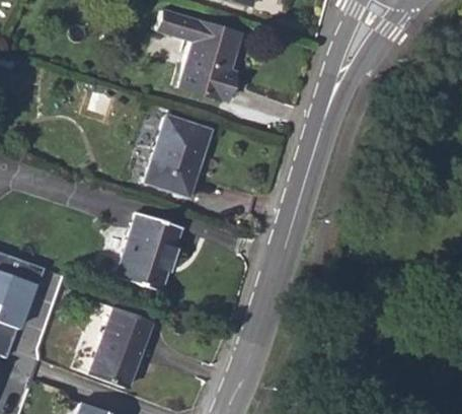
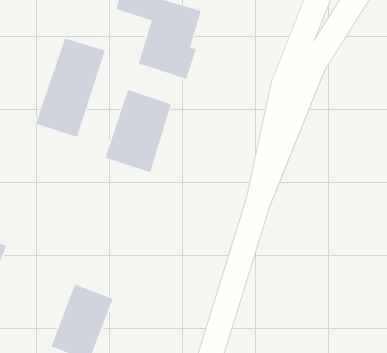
building: none -> [35,38,106,138]
building: [119,213,184,290] -> none

